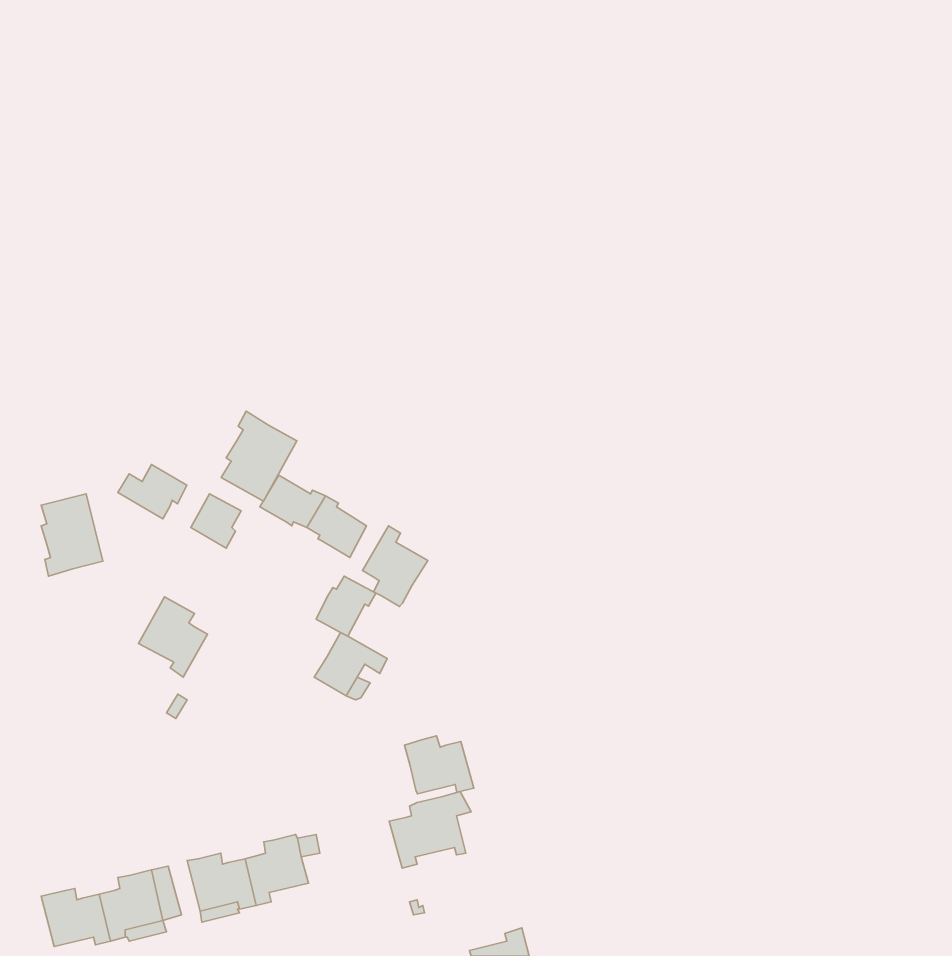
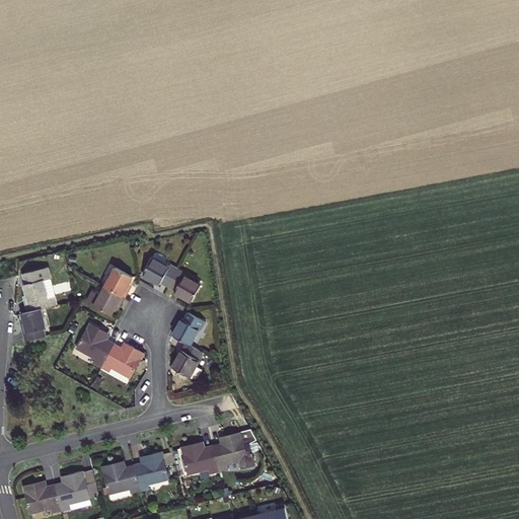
building: [221,411,297,501] -> none
building: [118,465,187,519] -> [85,286,123,315]
building: [363,526,428,607] -> none
building: none -> [21,308,45,341]
building: none -> [99,344,142,377]
building: [405,736,474,794] -> [180,442,218,473]

